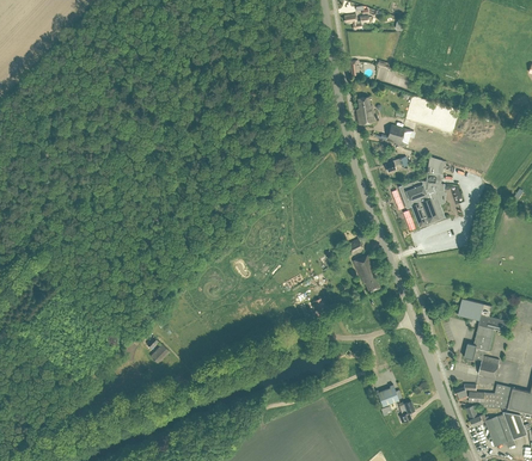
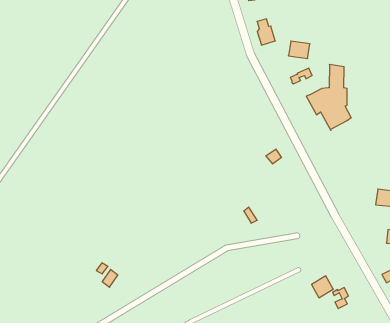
building: [353,254,380,291] -> none

